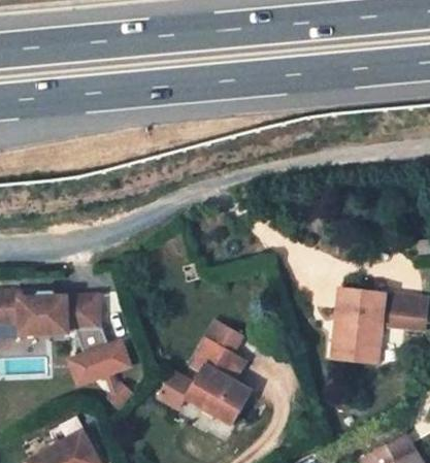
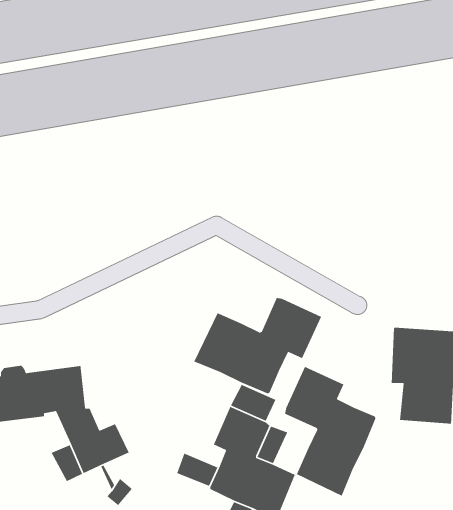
building: none -> [193,297,322,394]
building: none -> [284,366,377,497]

